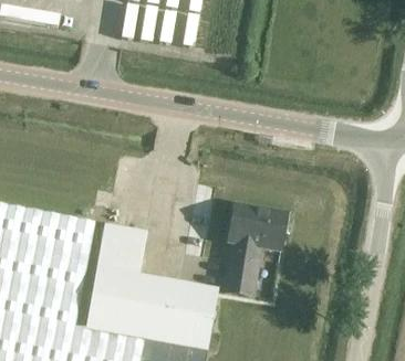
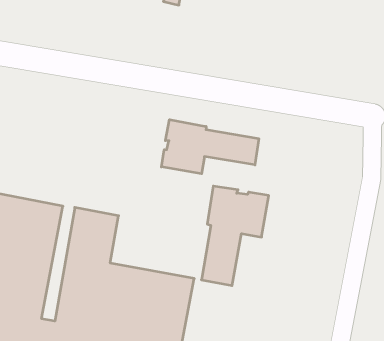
building: none -> [161,120,259,174]

